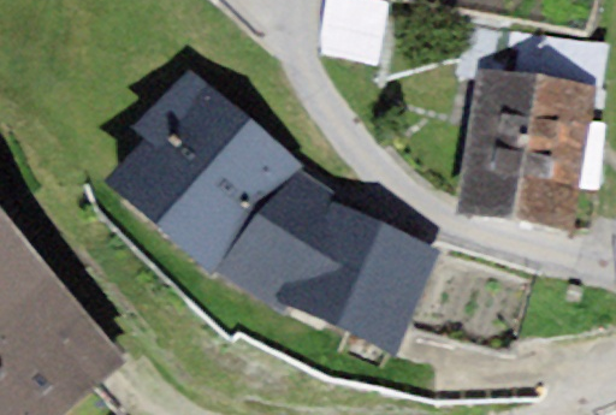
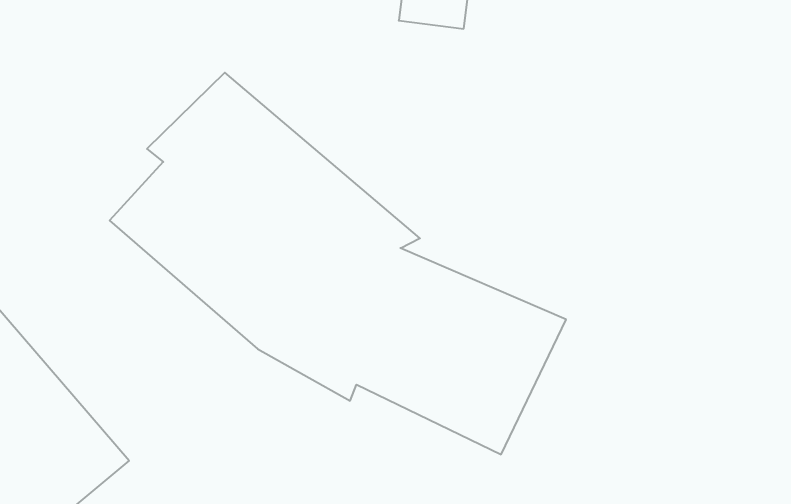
building: [456,67,596,227] -> none

